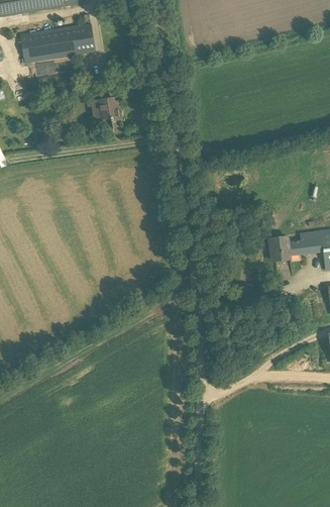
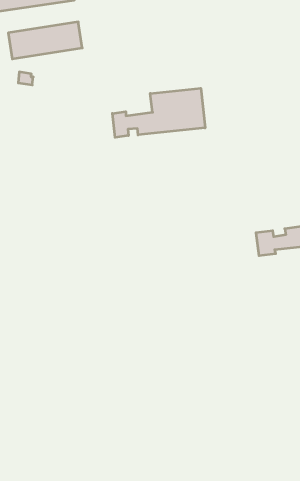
building: none -> [112,88,205,137]
building: [89,97,120,120] -> none

